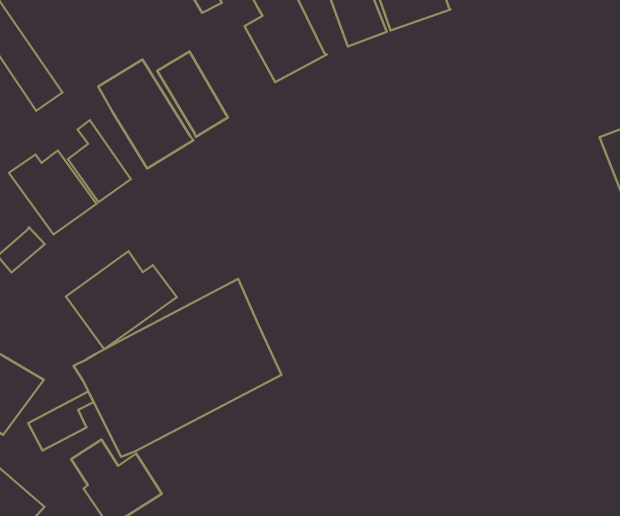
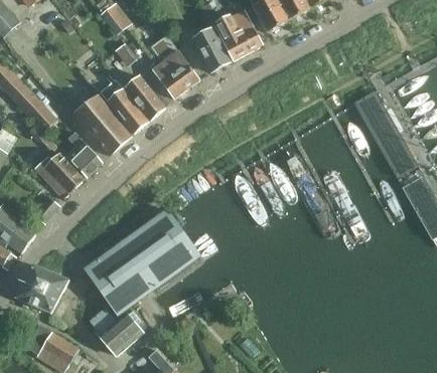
building: none -> [125,73,165,119]
building: [66,251,177,349] -> none
building: [28,391,93,450] -> none

